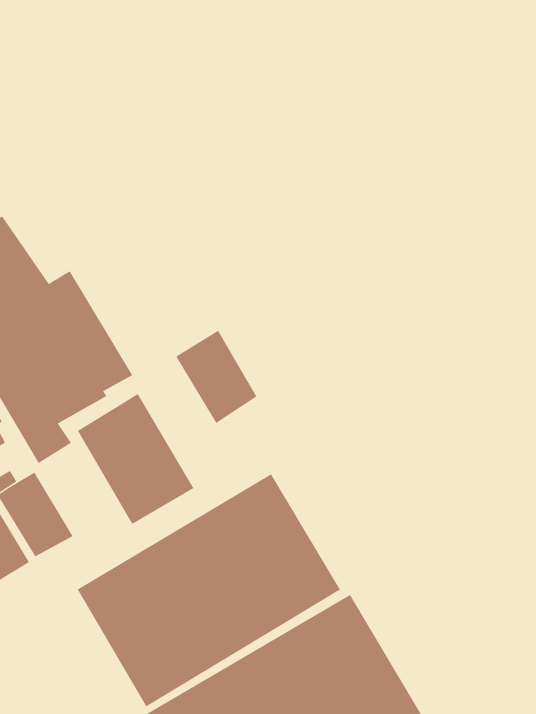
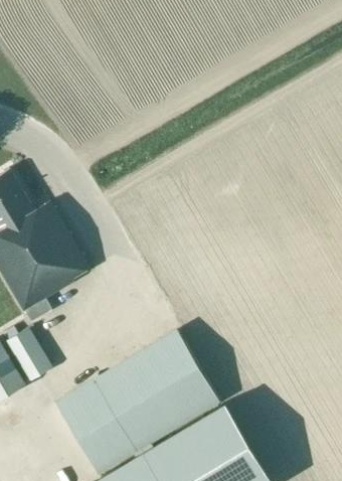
building: [175,330,257,424] -> none
building: [77,393,194,525] -> none

